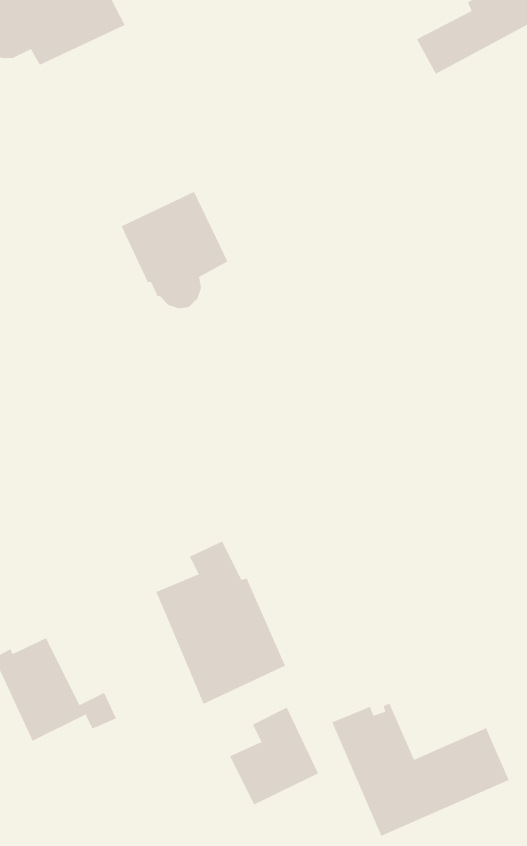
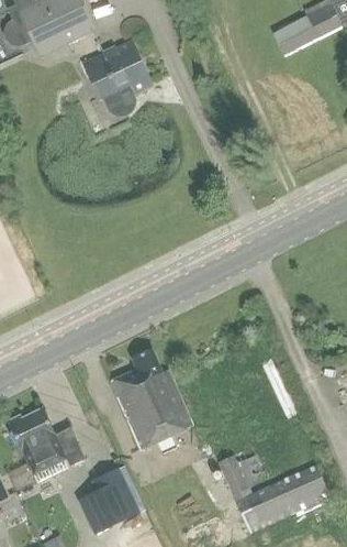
building: [121,191,228,309] -> [83,41,150,114]
building: [229,707,319,805] -> [80,470,136,532]

